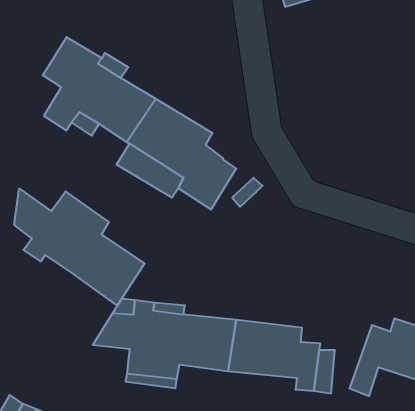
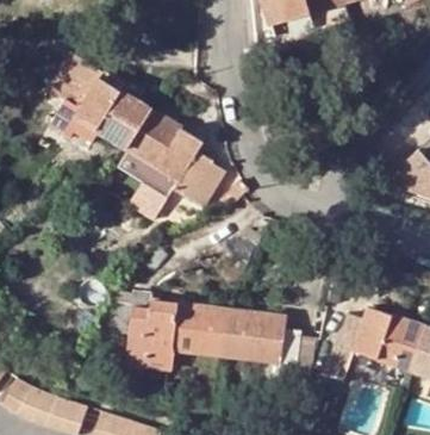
building: [14,189,145,306] -> none

